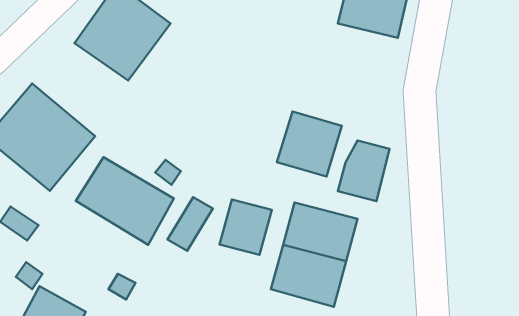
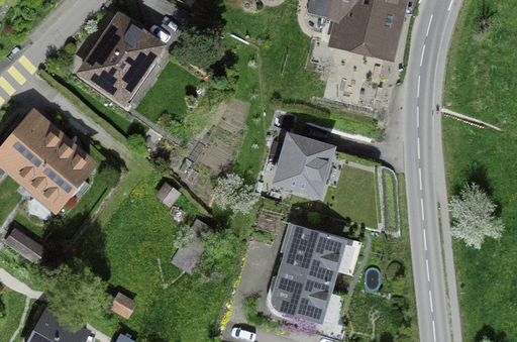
building: [338,141,390,201] -> none
building: [76,157,174,245] -> none
building: [220,199,272,255] -> none

